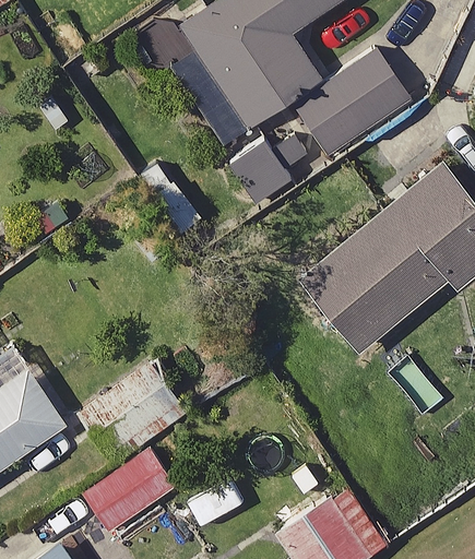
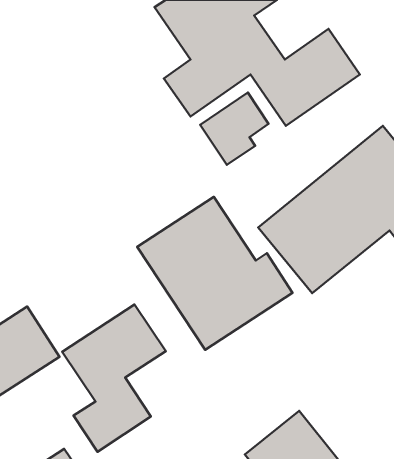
building: none -> [137,197,293,350]

